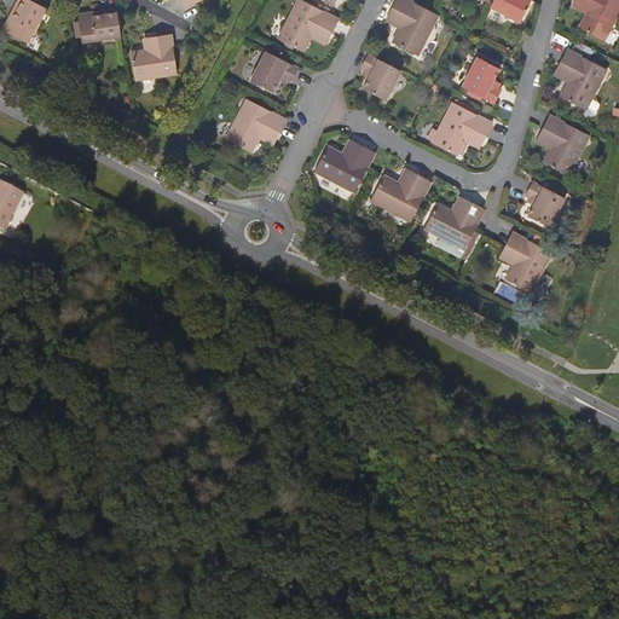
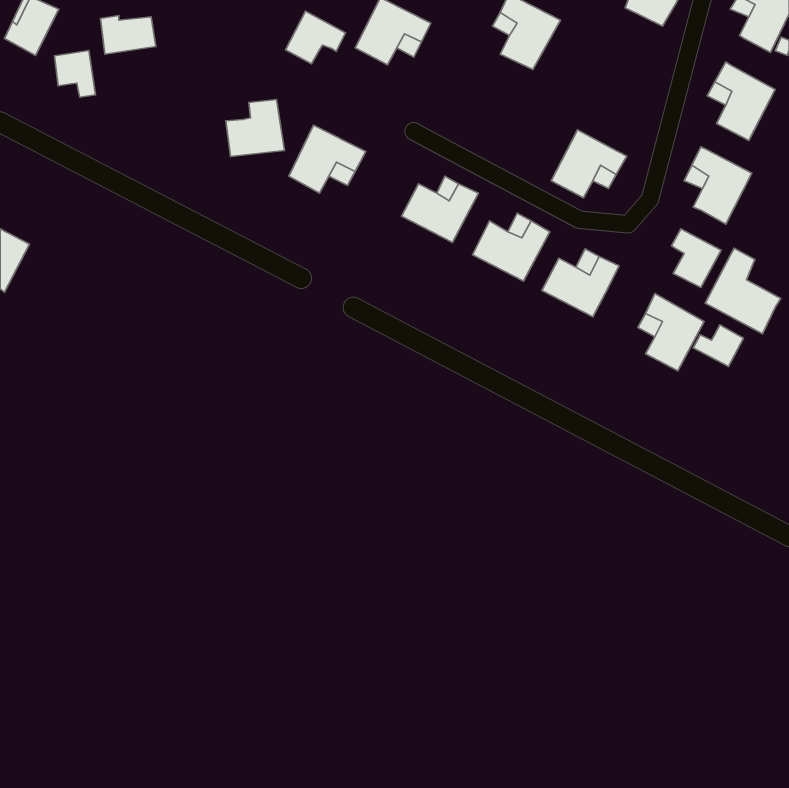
building: [132,35,178,80] -> [226,99,284,157]
building: none -> [55,50,95,97]
building: [250,51,297,92] -> [285,11,346,64]
building: [360,53,399,99] -> none
building: [461,56,499,102] -> none
building: none -> [705,248,781,334]
building: none -> [693,325,744,367]

